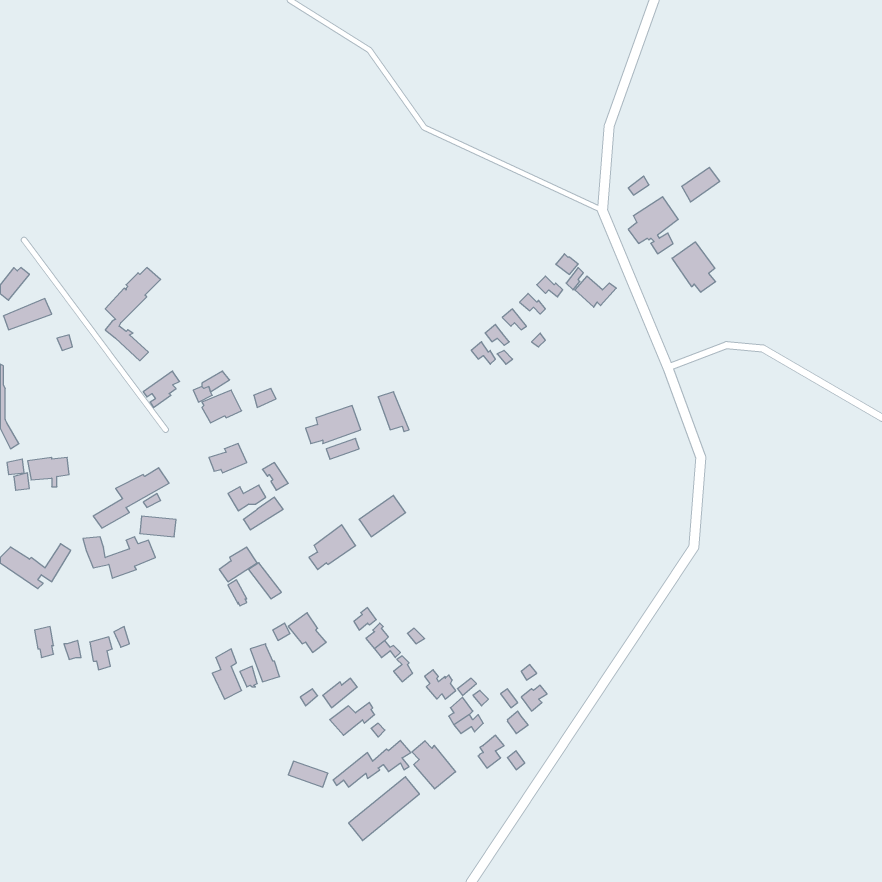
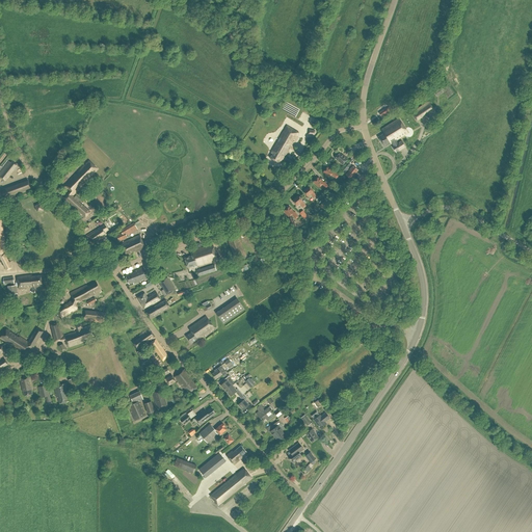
building: none -> [268,126,297,163]
building: [672,242,716,292] -> none
building: [412,741,456,789] -> none

